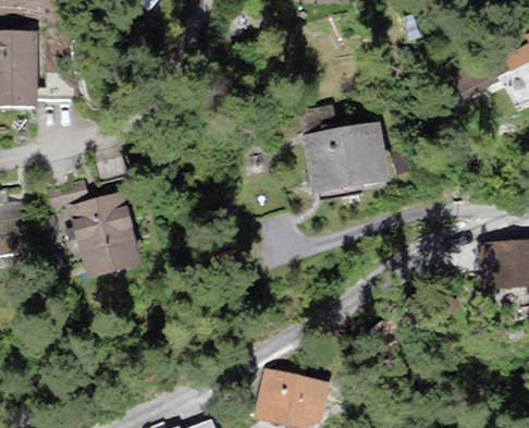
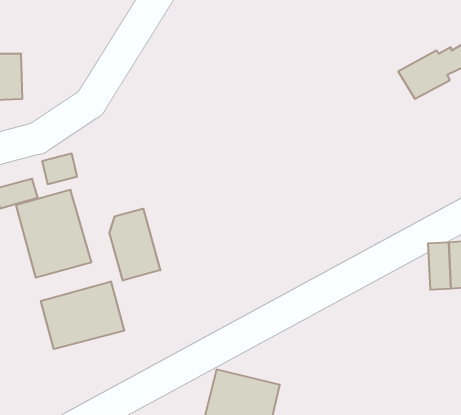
building: [296,103,390,194] -> none
building: none -> [109,209,160,281]
building: none -> [41,281,124,349]

